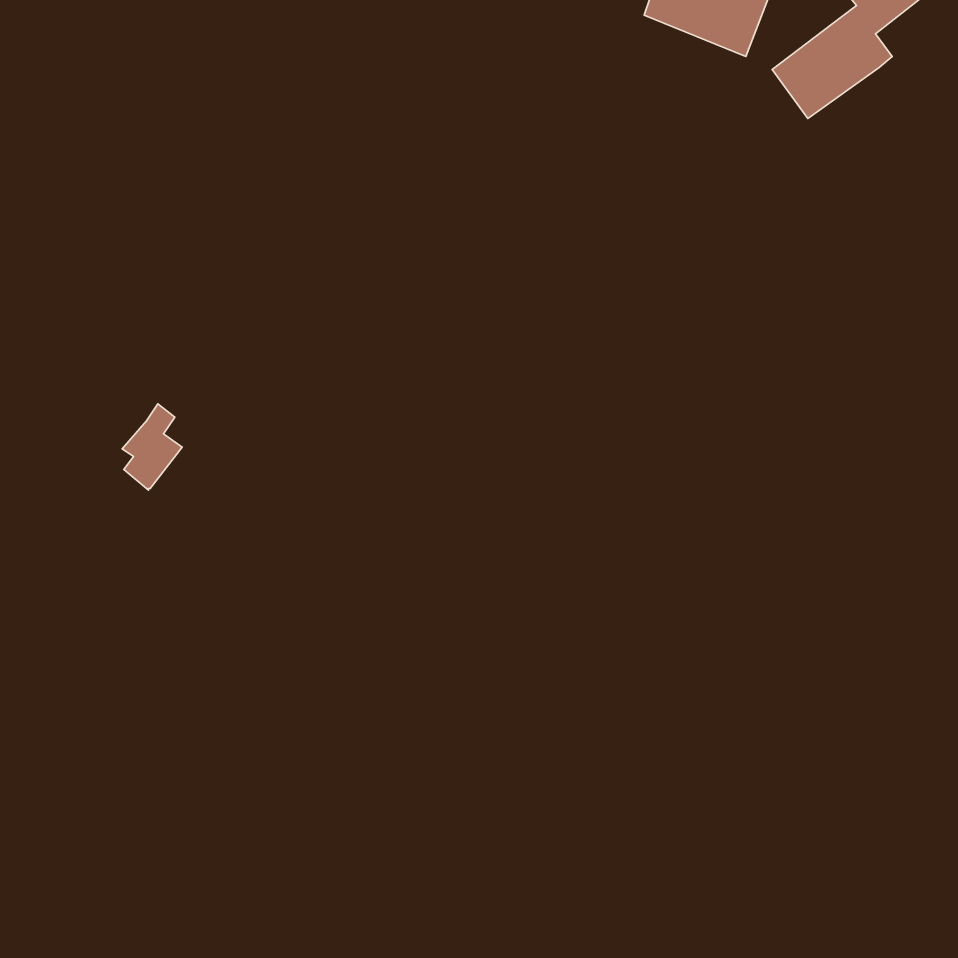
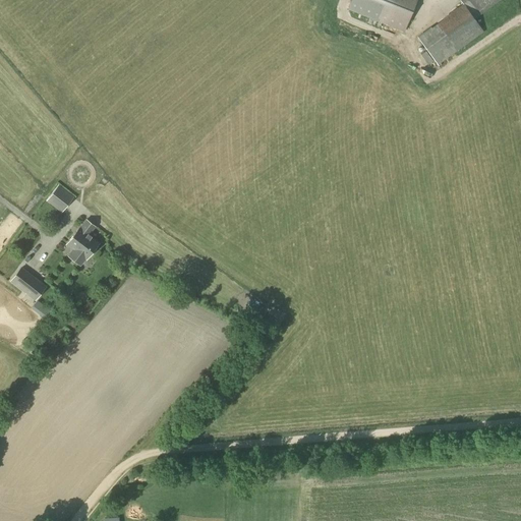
building: none -> [47,185,74,213]
building: none -> [10,266,47,300]

